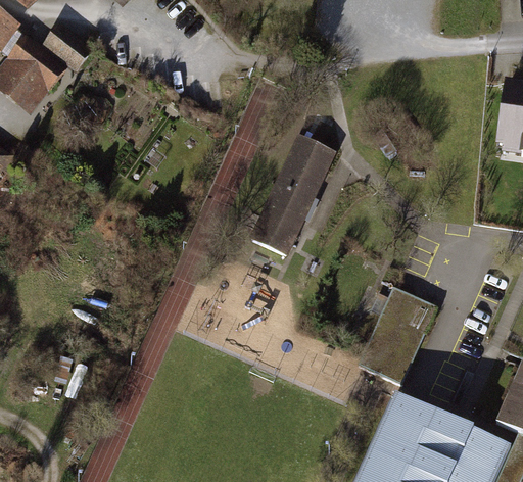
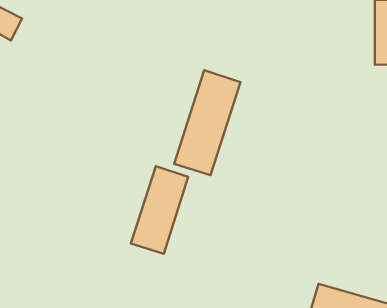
building: none -> [131,166,188,254]
building: [359,289,436,385] -> none

